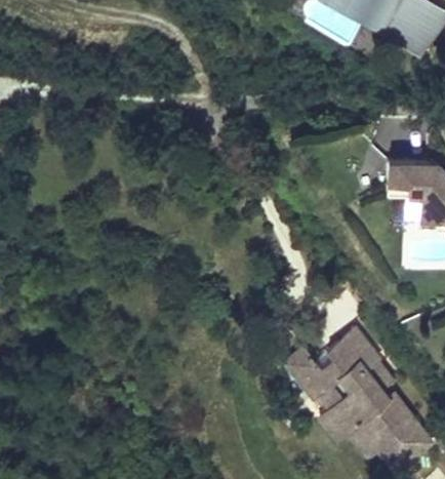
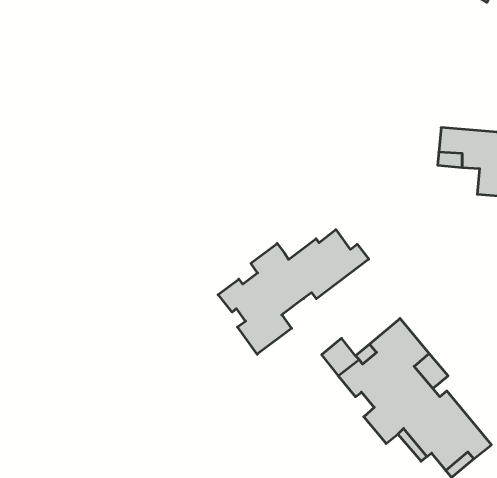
building: none -> [218,230,369,354]

